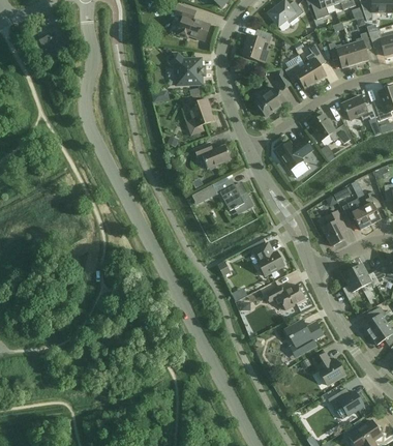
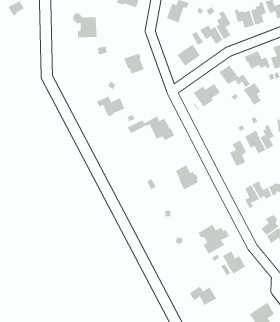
building: [170,53,202,85] -> [72,13,97,38]
building: none -> [243,82,262,106]
building: [193,142,231,169] -> [96,96,125,117]
building: [265,284,304,309] -> none
building: [328,389,364,415] -> [189,286,217,306]

